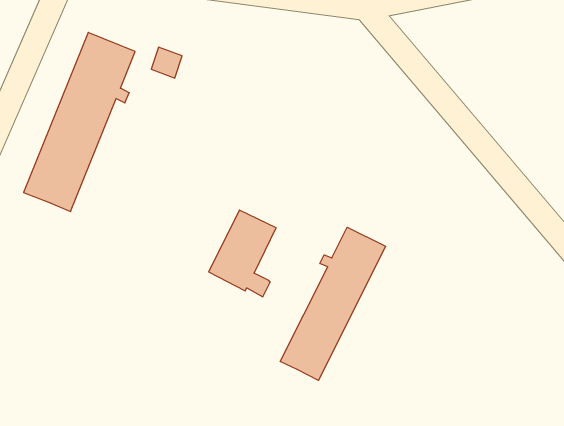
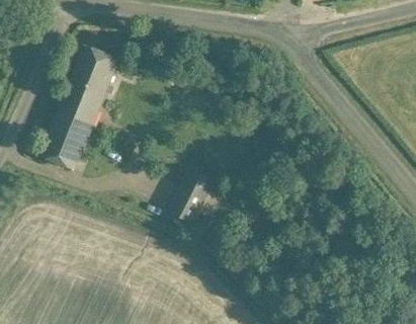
building: [280,227,386,380] -> none

